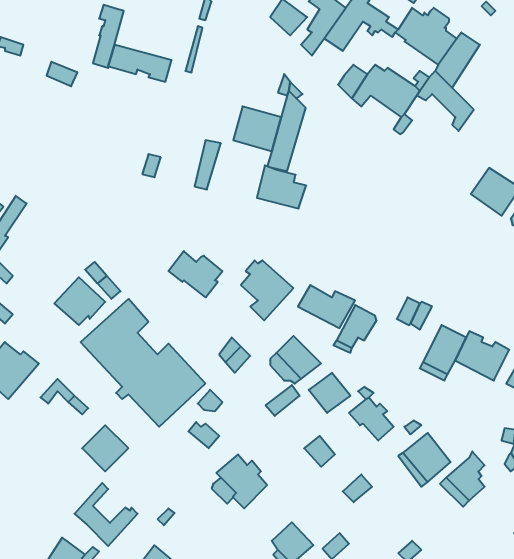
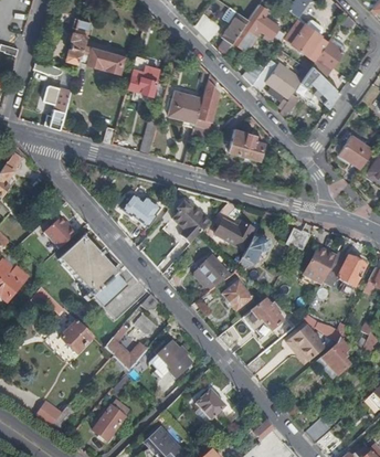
building: none -> [127,65,158,94]
building: none -> [43,85,71,126]
building: [257,165,306,209] -> [229,127,264,158]
building: [74,483,138,546] -> [104,323,149,369]

